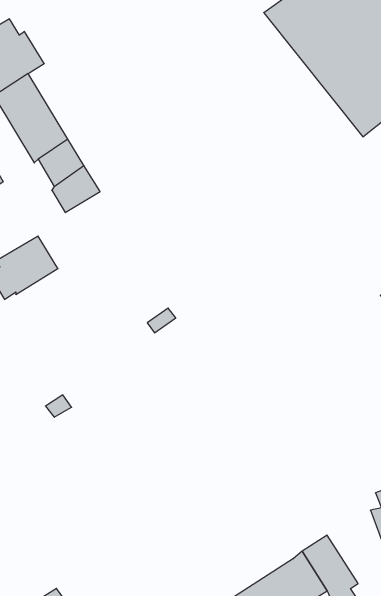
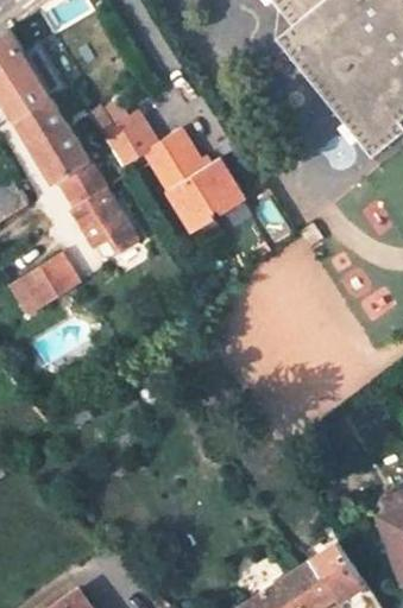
building: none -> [102,112,243,228]
building: none -> [86,211,137,262]

